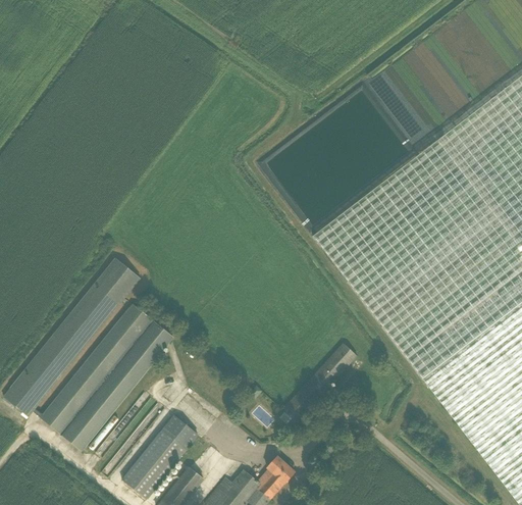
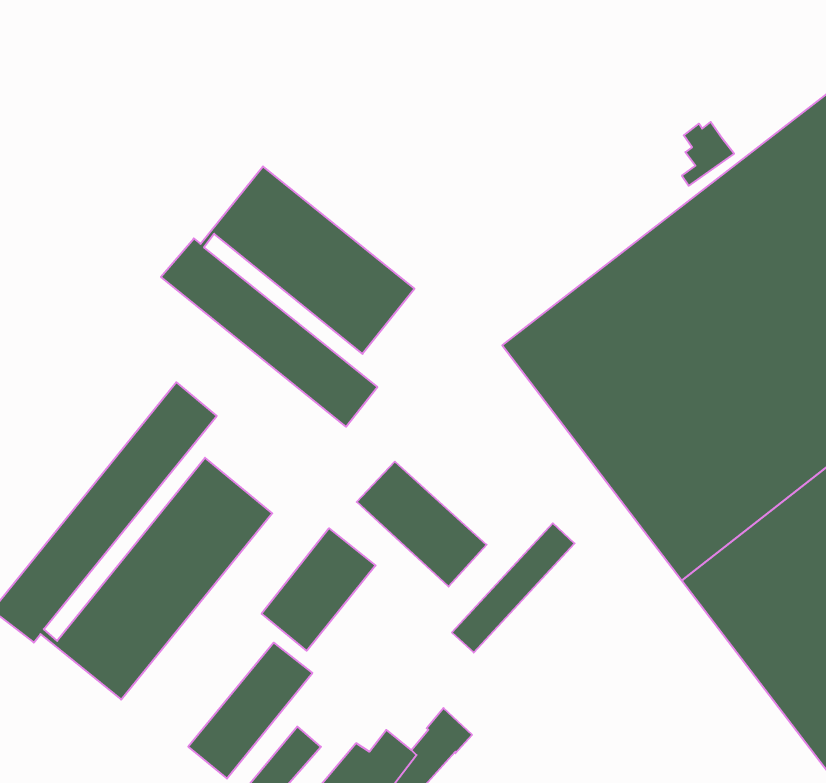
building: none -> [161,166,414,427]
building: none -> [357,462,487,587]
building: none -> [262,528,376,651]

